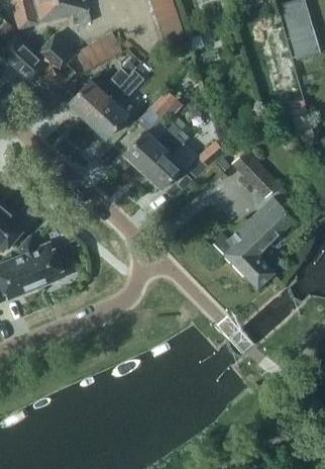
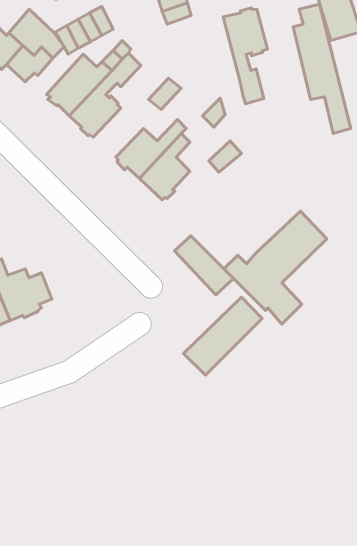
building: none -> [223,8,268,104]
building: [232,151,280,198] -> [174,236,233,295]
building: none -> [183,297,262,375]

